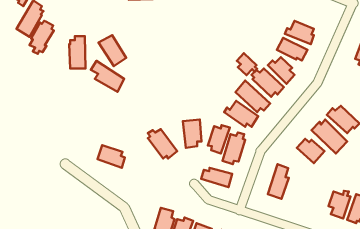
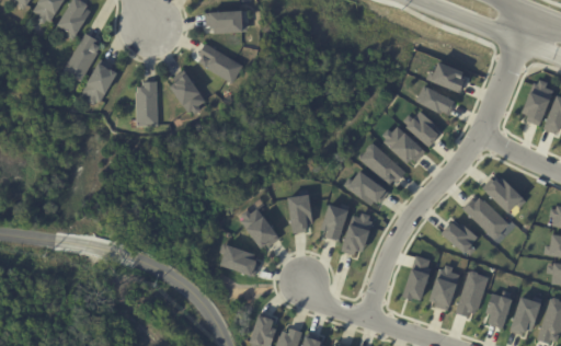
building: [237,53,257,75] -> none
building: [91,61,124,92] -> [201,46,245,88]
building: [97,145,125,168] -> [221,245,259,276]
building: [201,168,232,187] -> none
building: none -> [431,264,461,311]
building: none -> [456,270,490,316]

